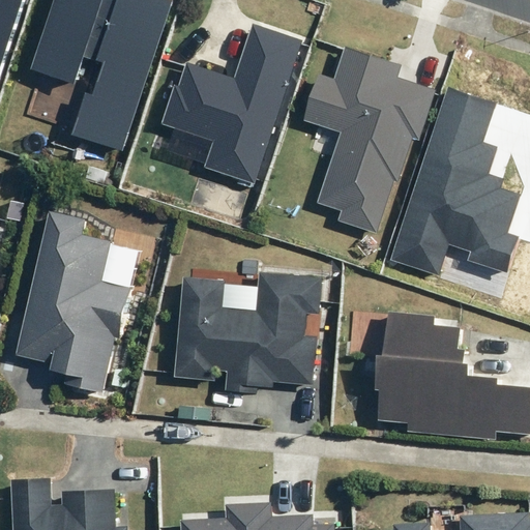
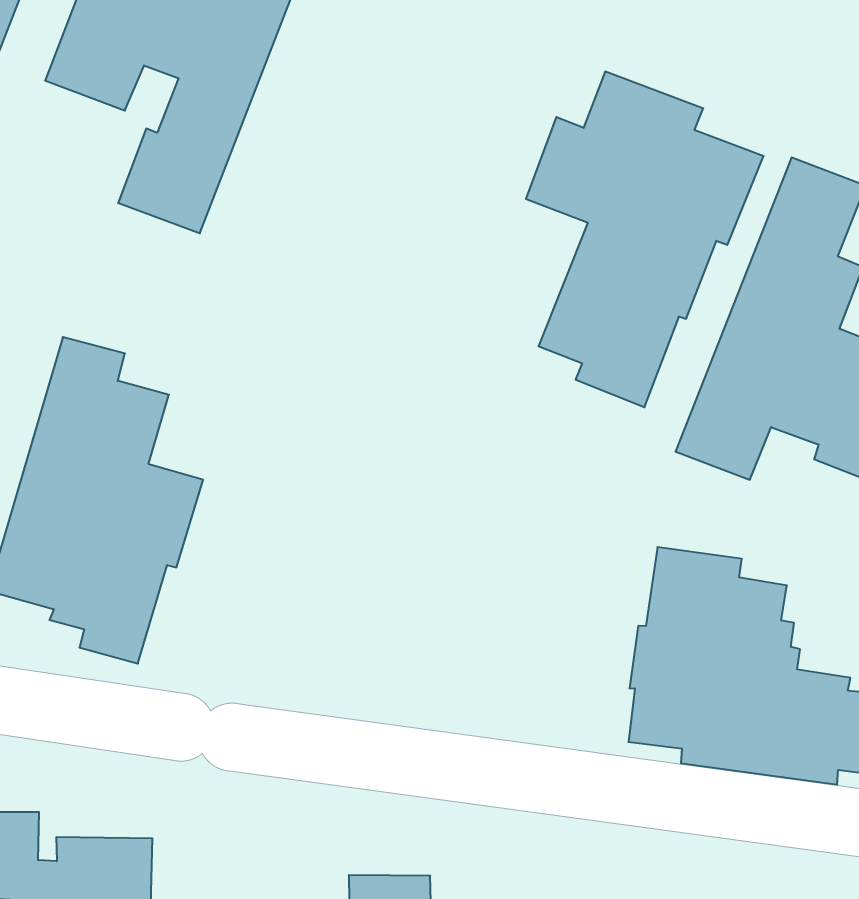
building: [161,24,301,184] -> none
building: [173,272,321,393] -> none

